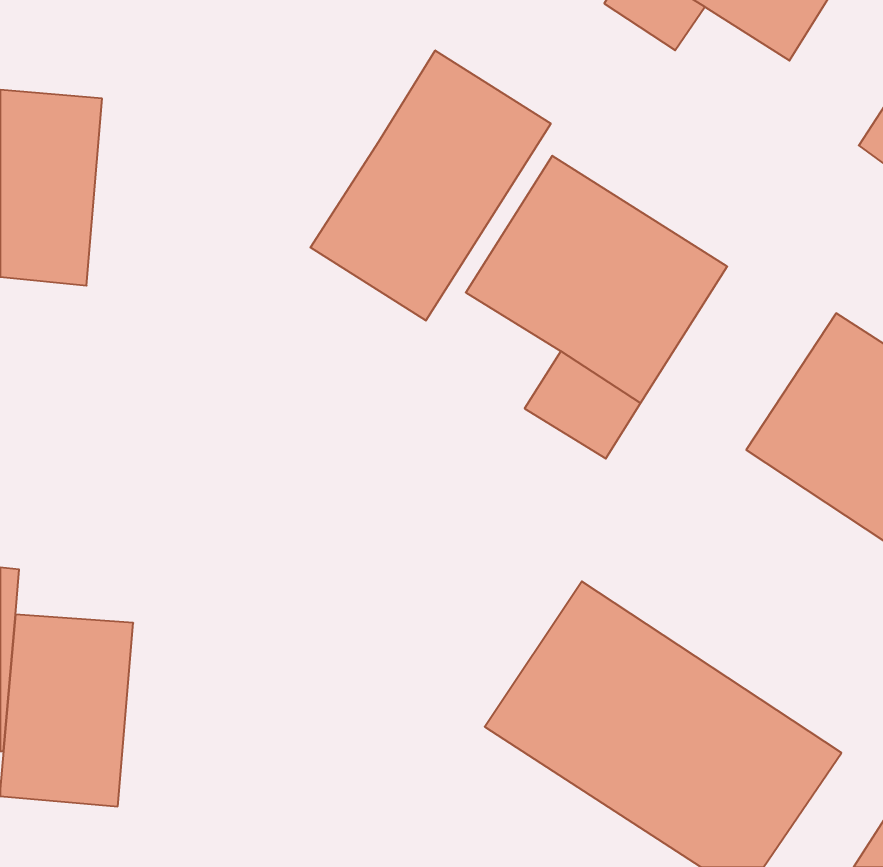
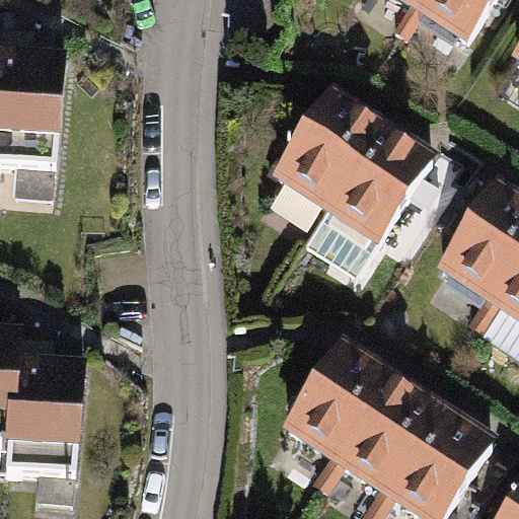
building: [310,50,551,321] -> none

